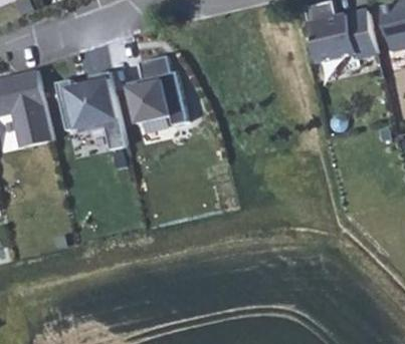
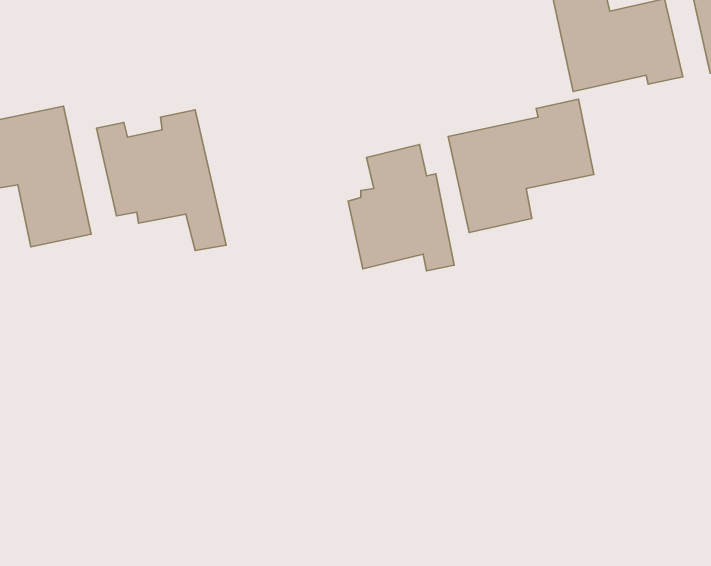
building: [127,55,185,124] -> [348,145,454,271]
building: none -> [448,99,594,232]

